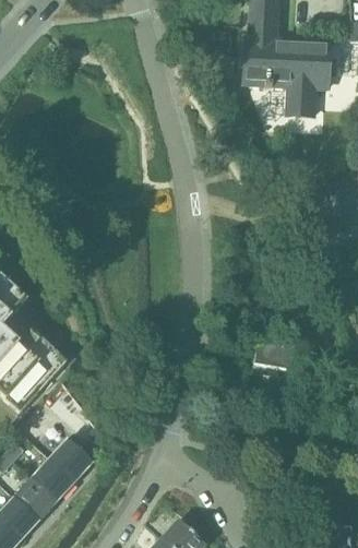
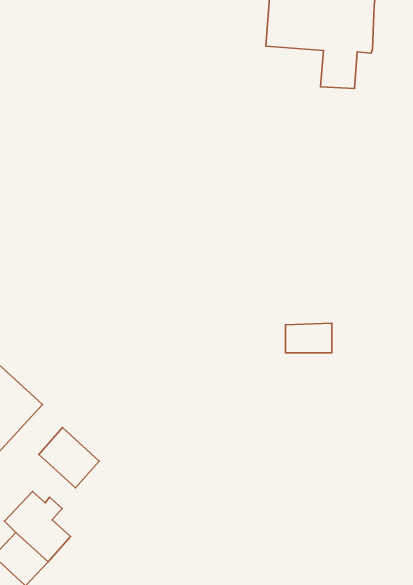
building: [255,343,291,366] -> [285,323,332,353]
building: none -> [39,428,99,488]

